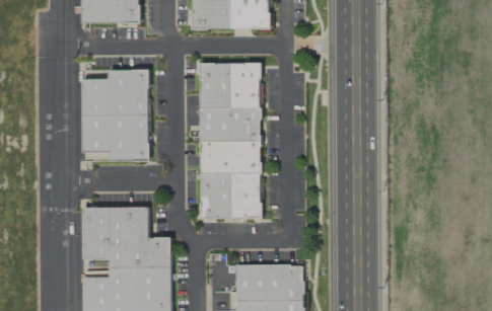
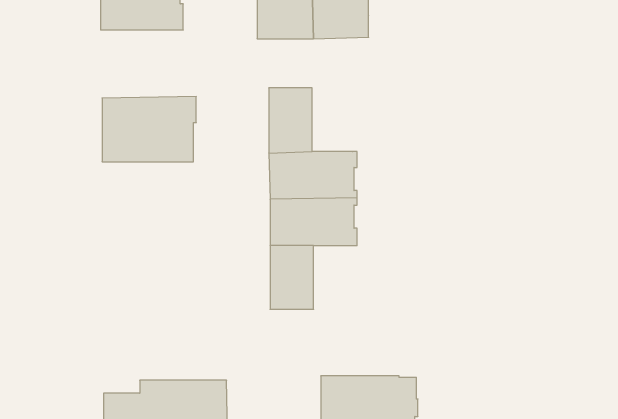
building: [230,63,261,107] -> none
building: [83,114,149,160] -> none
building: [231,173,263,218] -> none
building: [83,207,170,267] -> none

